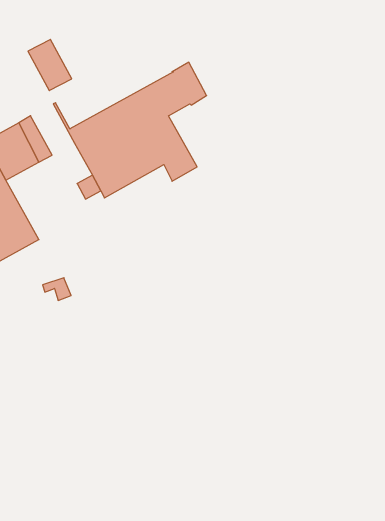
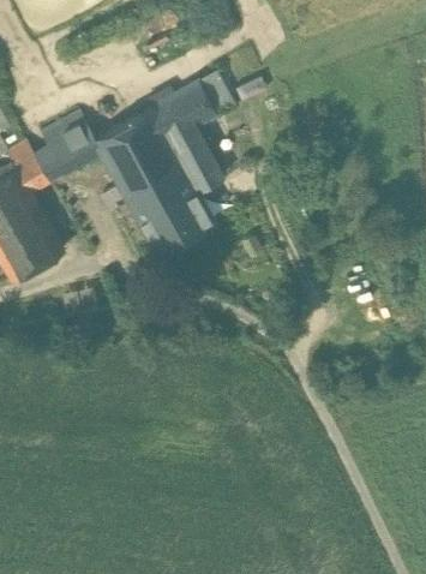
building: [28,39,72,91] -> [56,114,101,166]
building: none -> [131,175,216,255]

